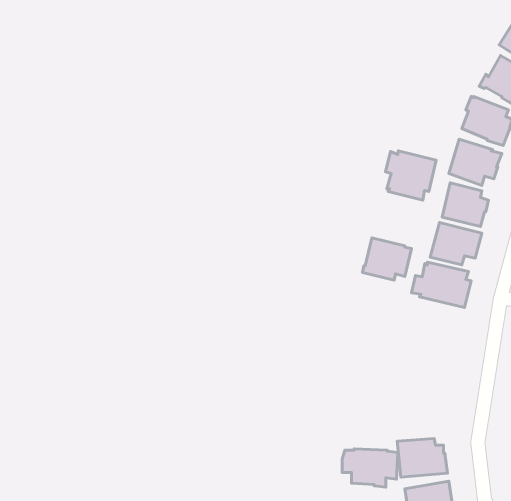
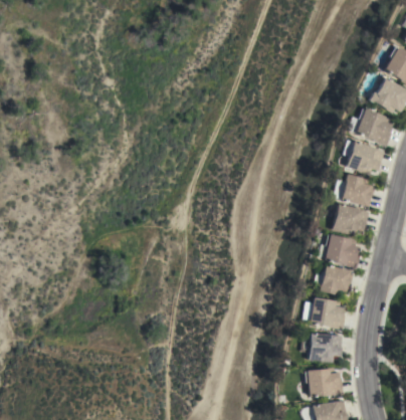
building: [386,151,436,200] -> none
building: [362,238,412,280] -> [318,264,355,296]
building: none -> [308,297,346,330]
building: [342,449,398,487] -> [300,334,343,363]

